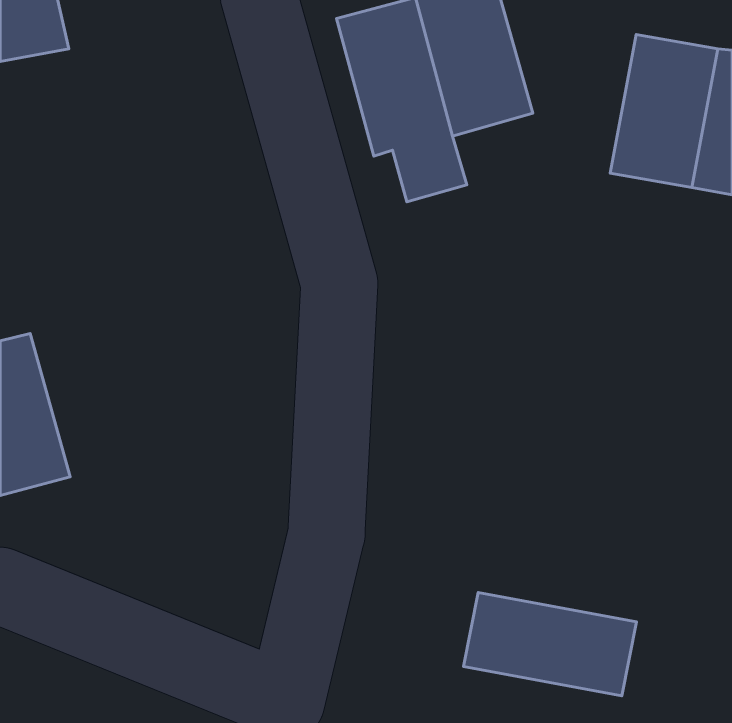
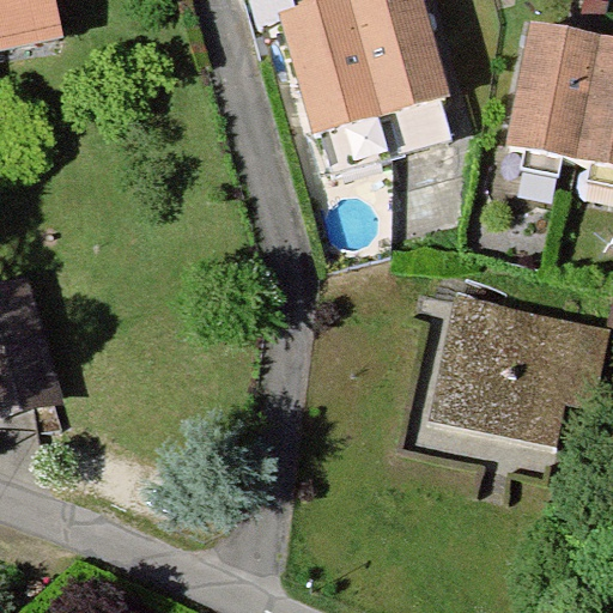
building: none -> [432,301,603,439]
building: [463,593,636,696] -> none

